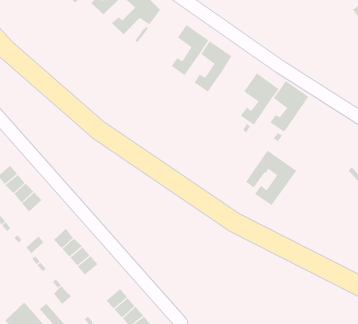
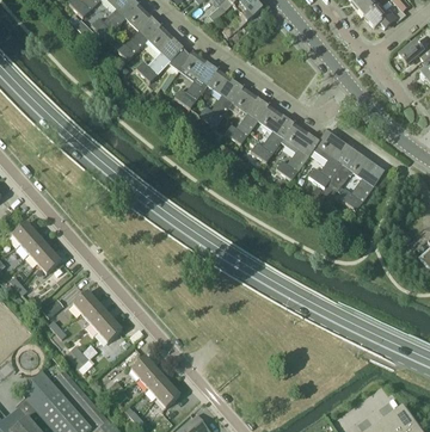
building: none -> [176,50,217,106]
building: none -> [251,103,294,160]
building: [245,150,297,206] -> [327,147,383,208]

